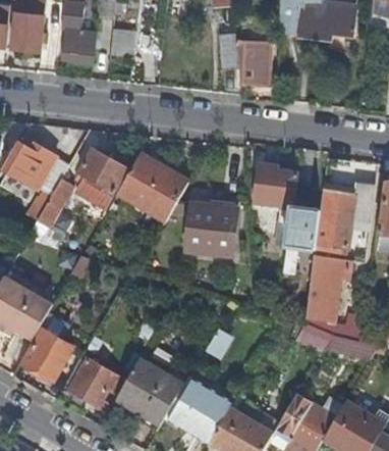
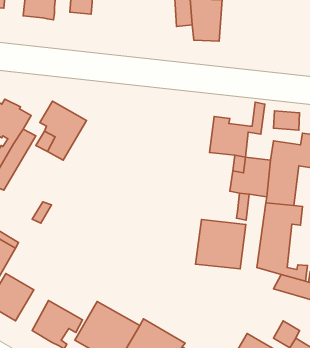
building: [118,154,188,219] -> none
building: [185,203,238,255] -> [196,220,246,269]

